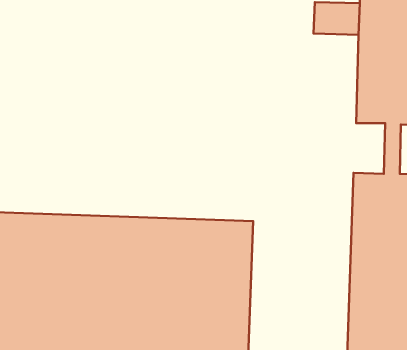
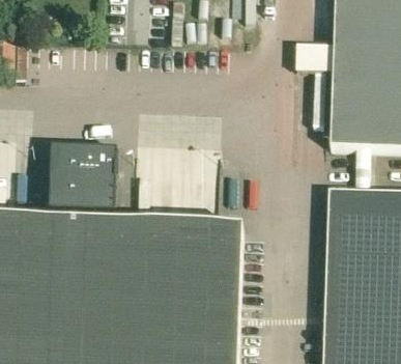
building: none -> [50,137,120,203]

